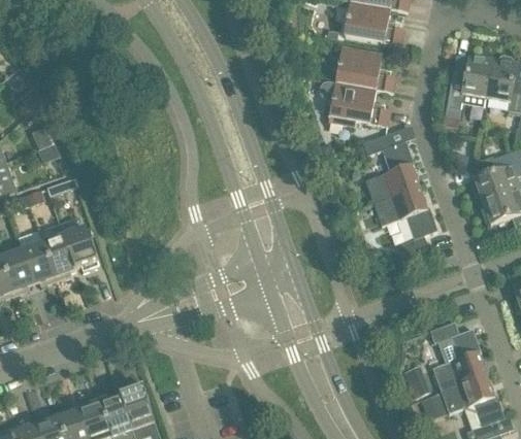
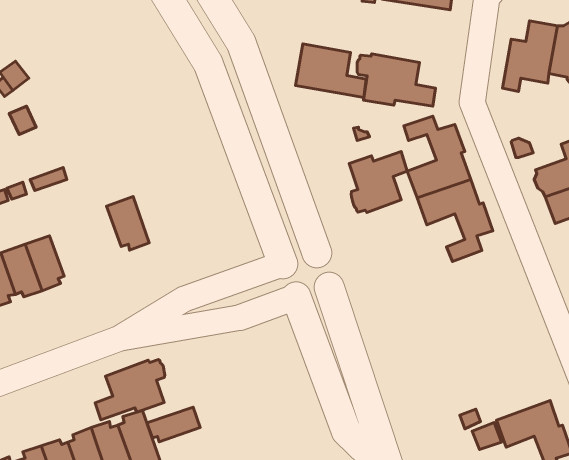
building: [335,46,395,92] -> [295,44,366,98]
building: none -> [349,152,407,213]
building: [63,227,99,272] -> [106,196,149,250]
building: [429,322,486,391] -> none
building: none -> [95,360,165,420]
building: none -> [147,407,200,442]

